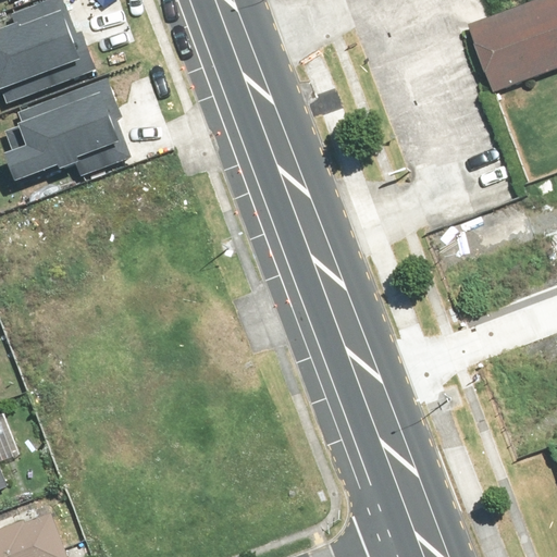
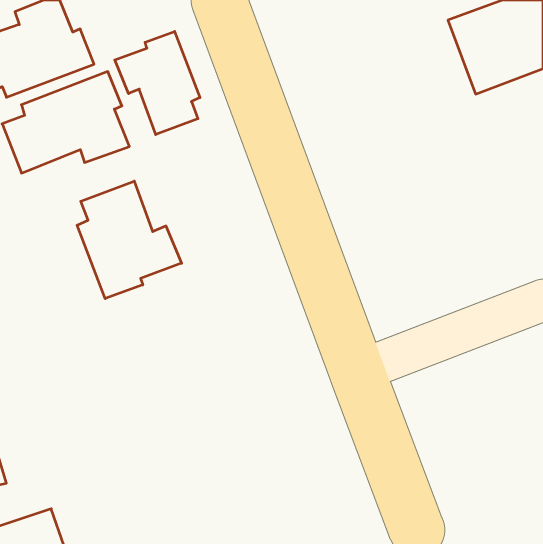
building: none -> [115,31,200,135]
building: none -> [77,181,182,299]

